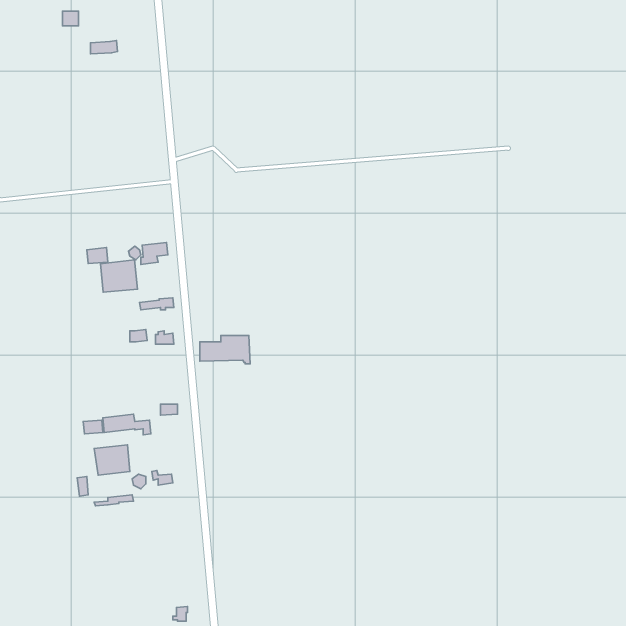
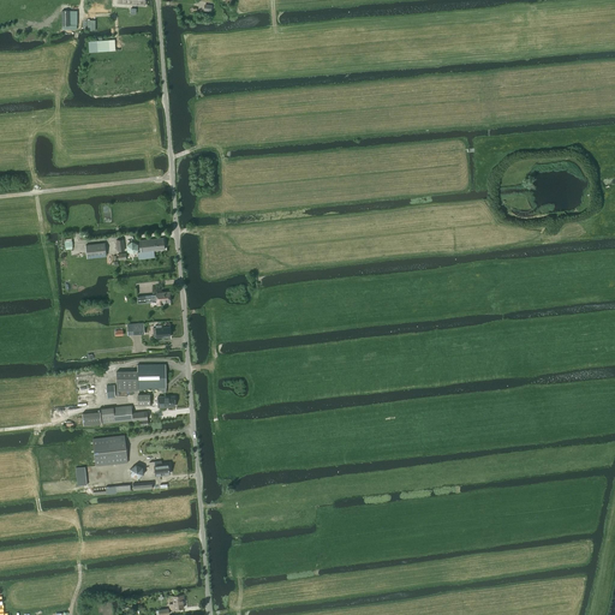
building: [100,260,137,292] -> none
building: [200,336,250,364] -> [117,365,166,393]

